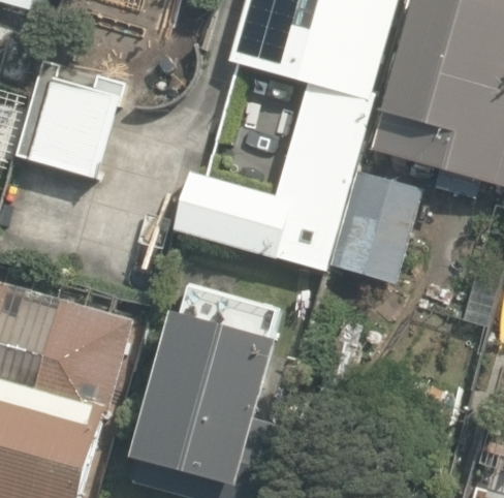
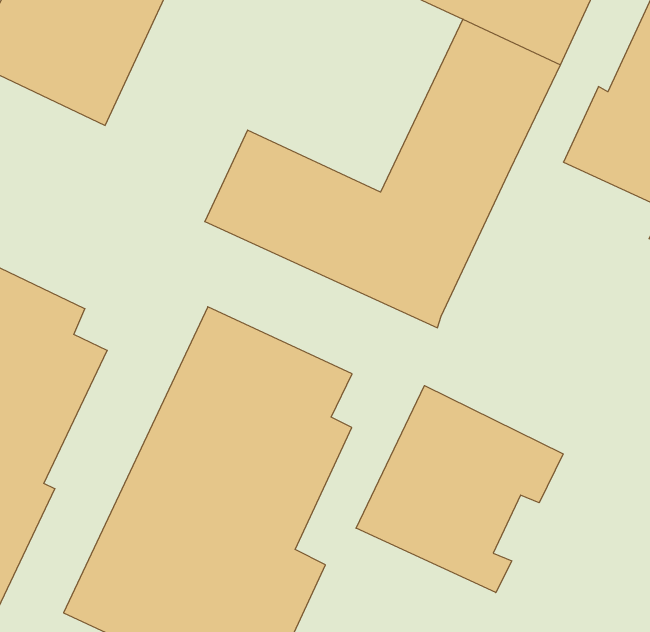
building: [321,167,418,283] -> none
building: none -> [356,386,563,593]

